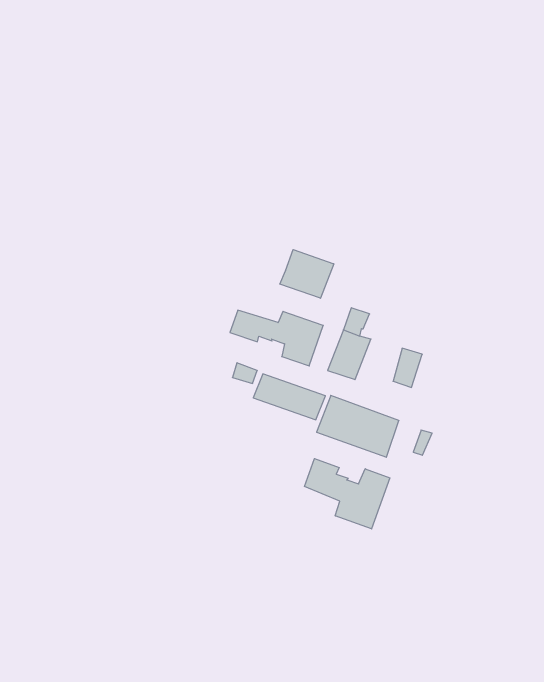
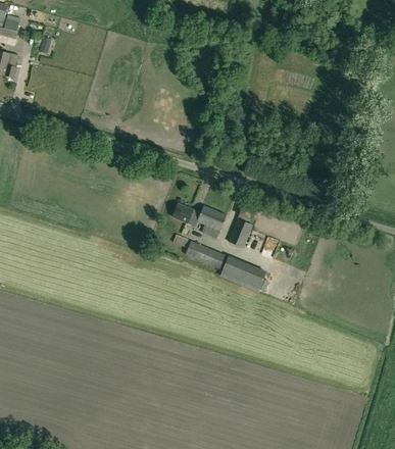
building: [280,250,334,298] -> none
building: [305,459,390,529] -> none

